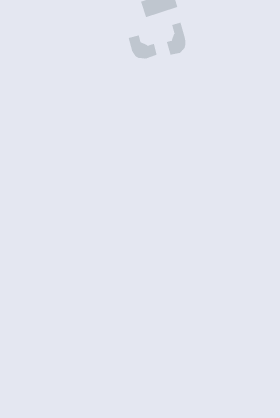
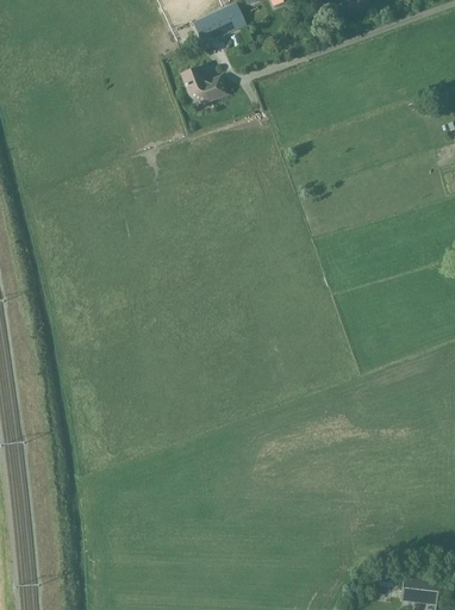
building: [166,22,186,56] -> none

